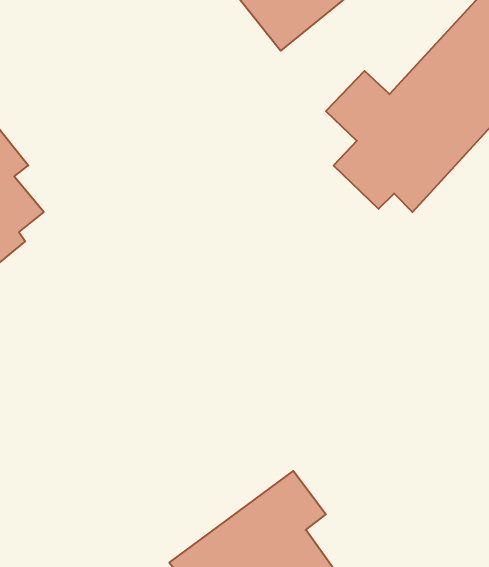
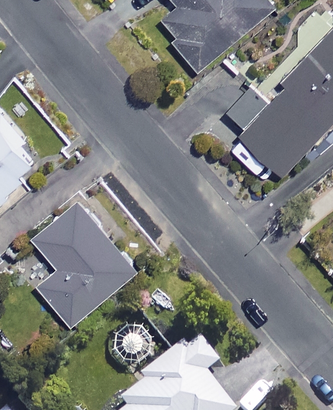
building: none -> [35,205,135,325]

